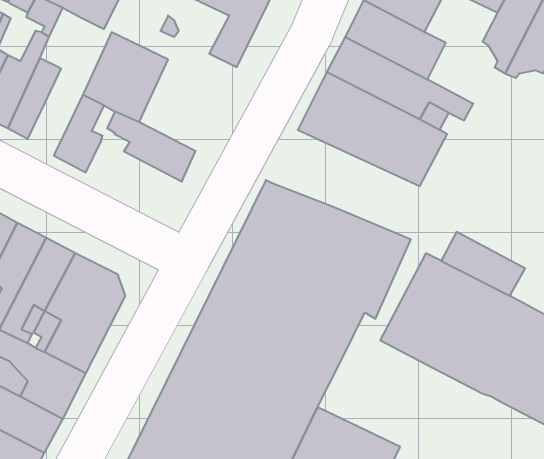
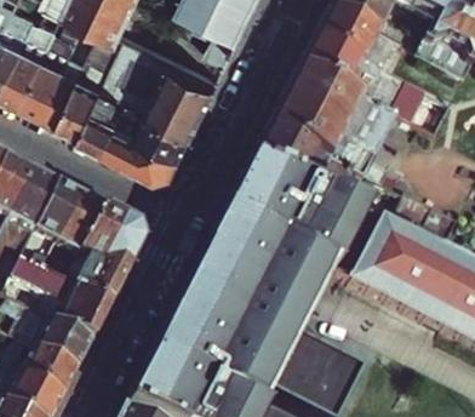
building: none -> [61,27,127,133]
building: none -> [149,59,218,132]
building: none -> [254,115,372,177]
building: none -> [107,125,183,177]

